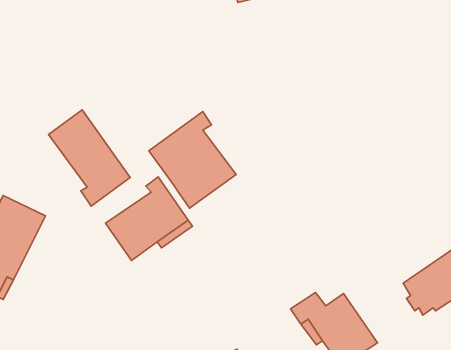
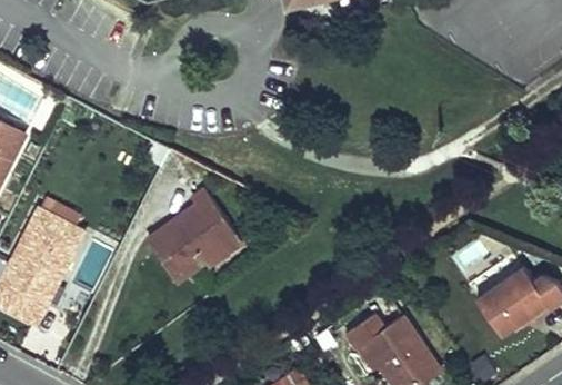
building: [48,110,130,206] -> none
building: [149,112,236,208] -> none

